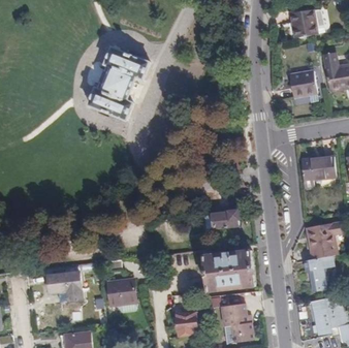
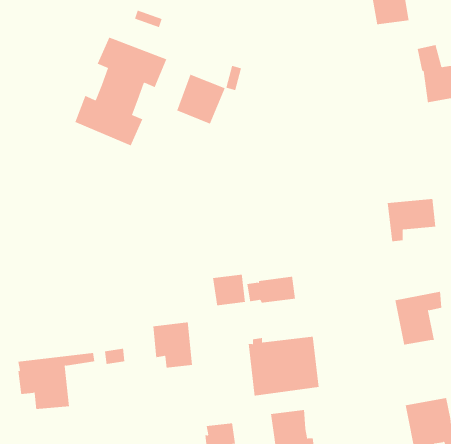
building: none -> [177,74,225,125]
building: [289,70,316,97] -> none
building: none -> [212,274,246,306]
building: [305,254,334,289] -> none
building: [107,279,135,311] -> [153,322,193,368]

